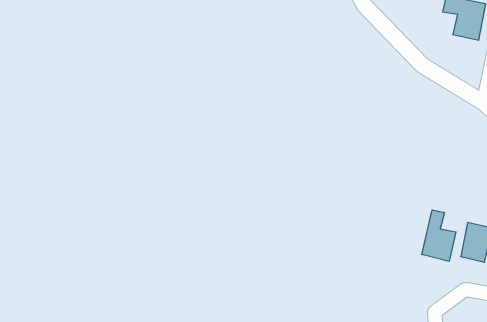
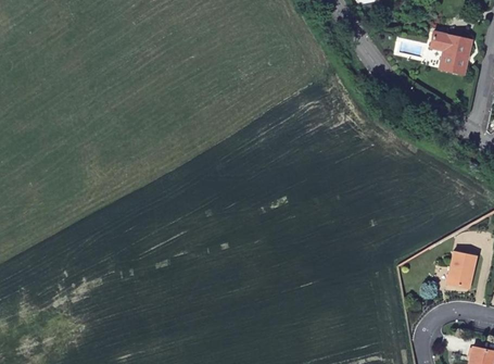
building: [422,210,456,261] -> none

